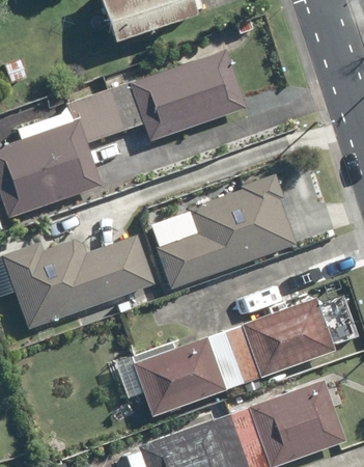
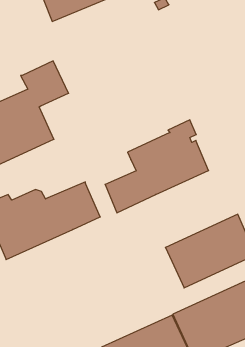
building: [107,50,243,141] -> none
building: [134,331,244,415] -> none

